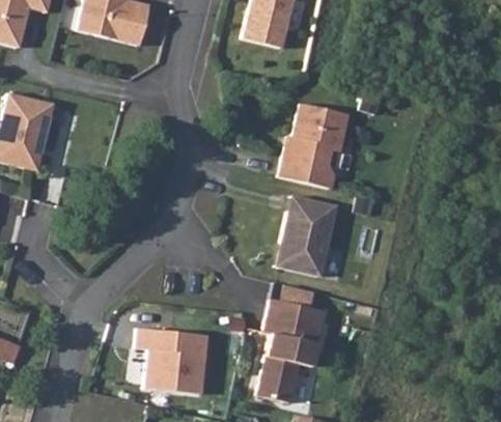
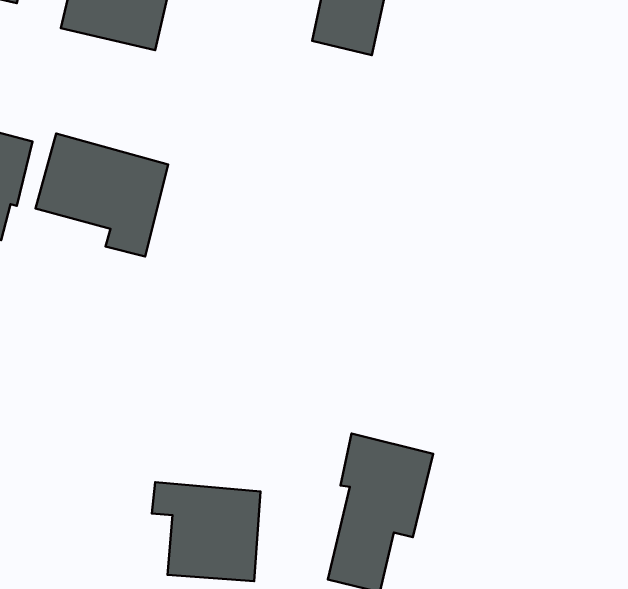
building: none -> [36,134,168,256]
building: [278,109,346,190] -> none
building: [275,196,336,277] -> none

